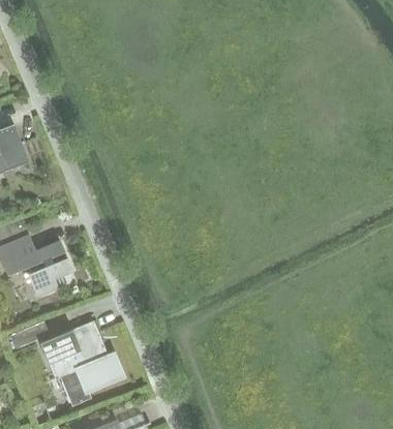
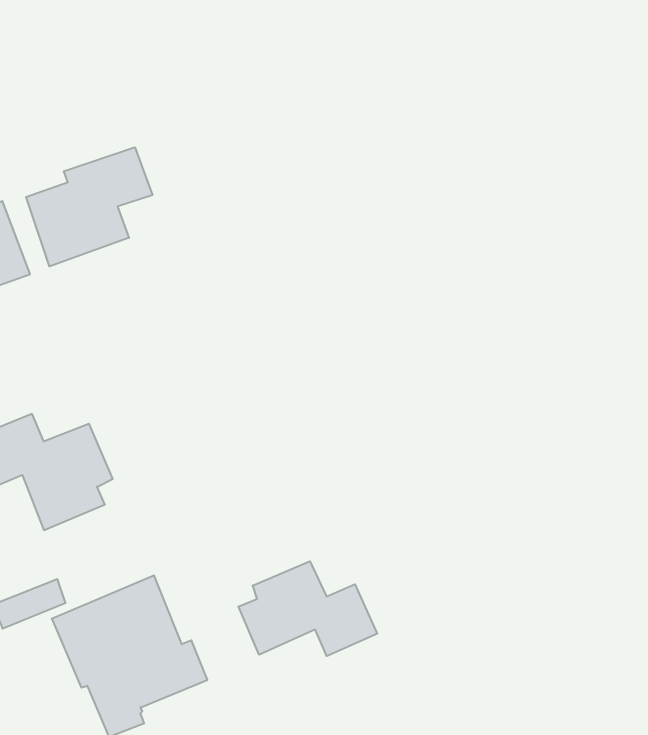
building: none -> [26,147,152,266]
building: none -> [239,561,377,656]

